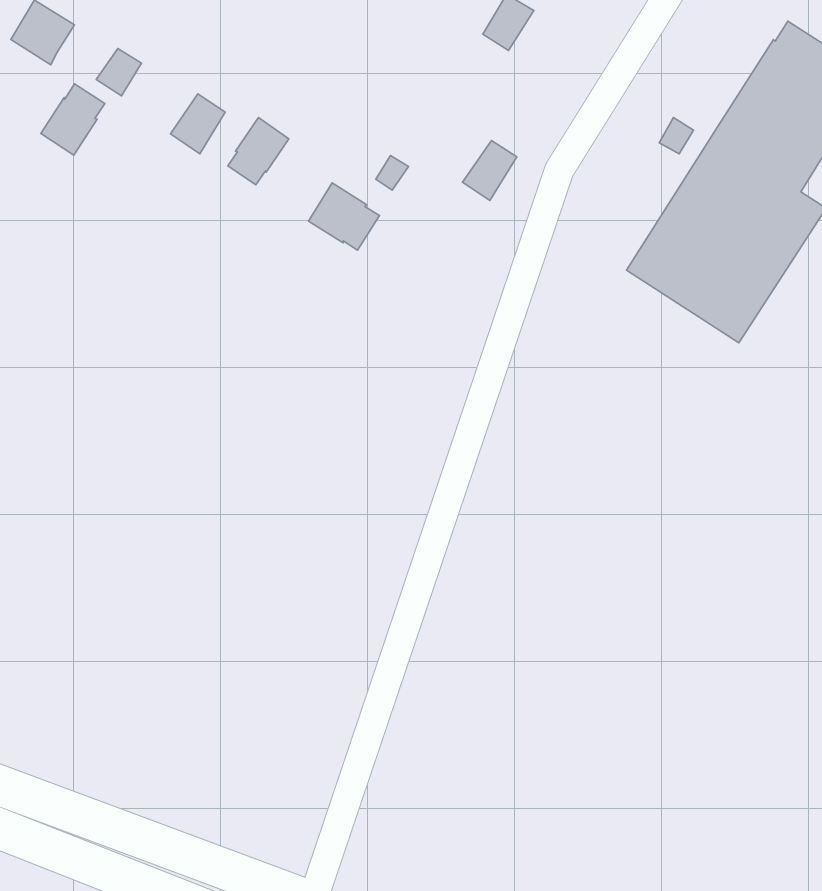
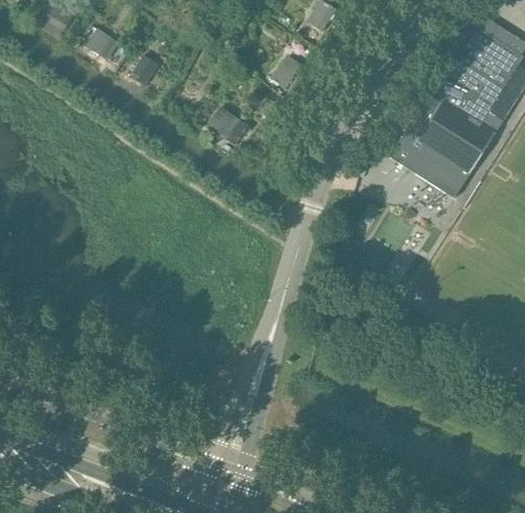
building: [41,84,105,155] -> none
building: [228,117,289,185] -> none
building: [463,141,517,200] -> [272,54,303,88]

